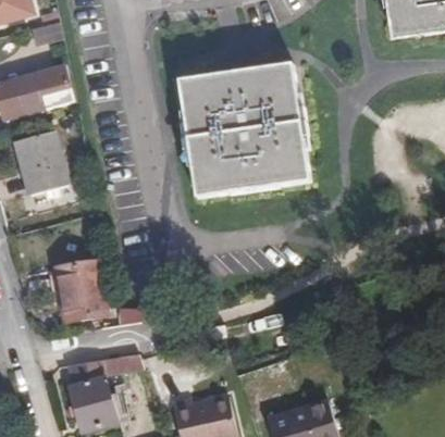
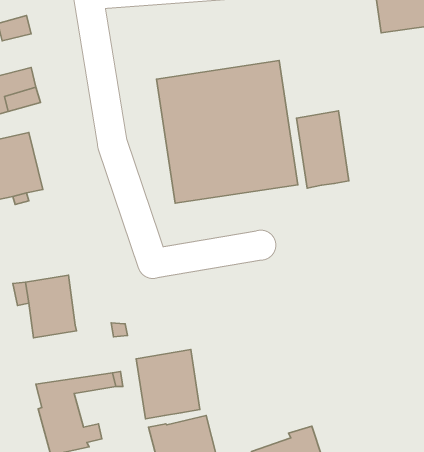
building: none -> [297,111,349,188]
building: none -> [136,350,200,419]

